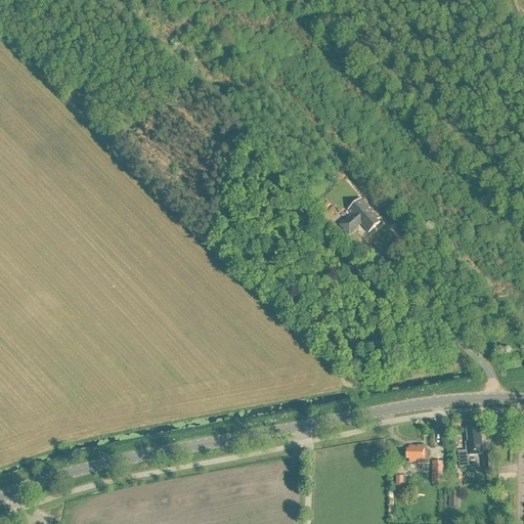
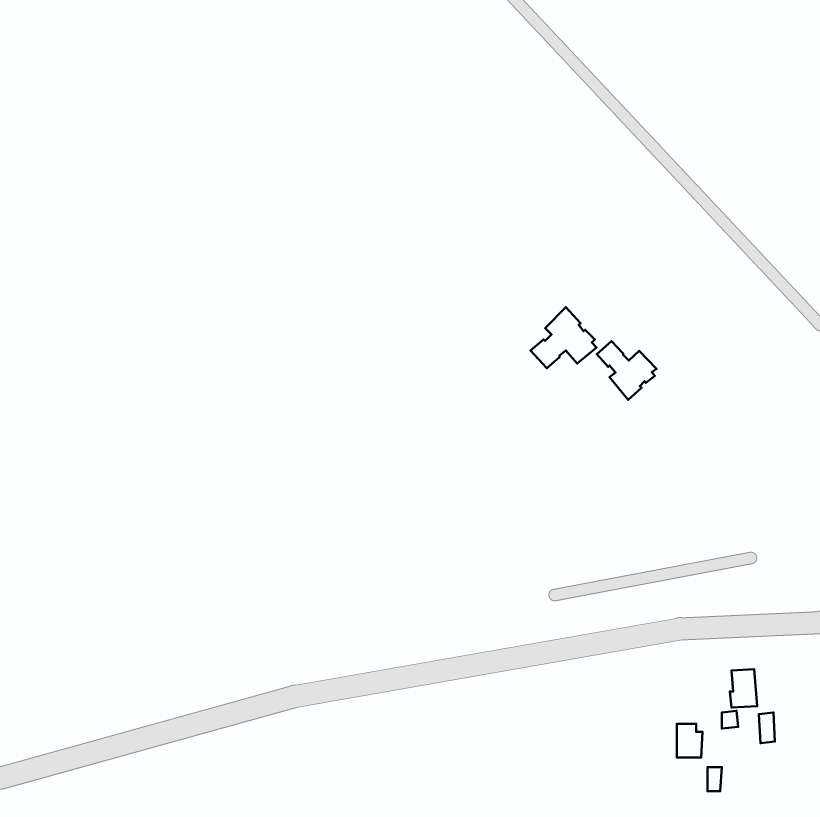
building: none -> [597,341,656,400]
building: [405,444,430,463] -> none

